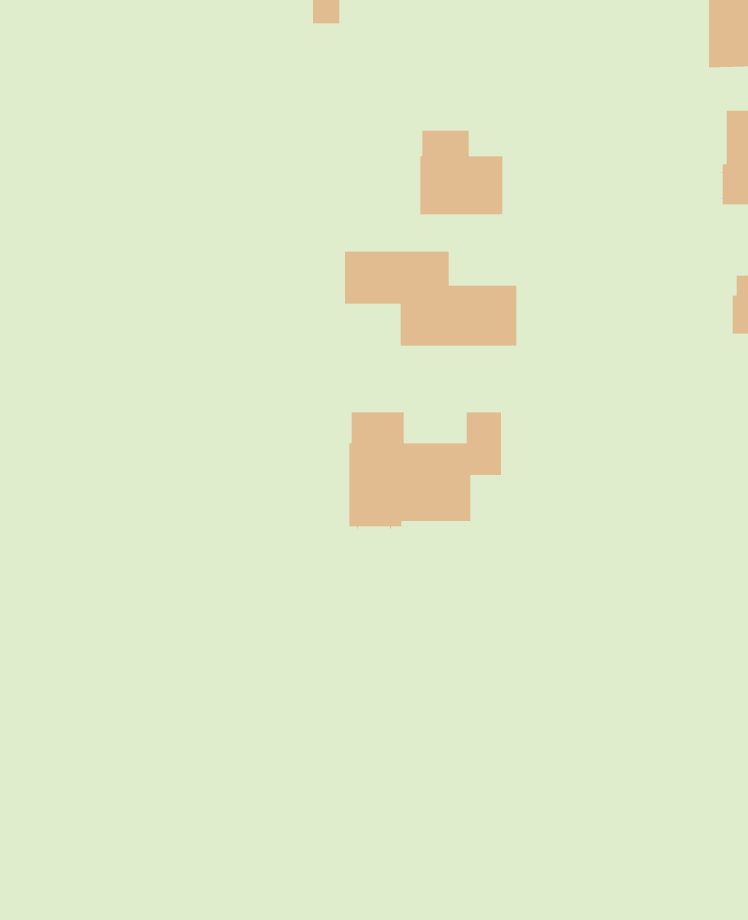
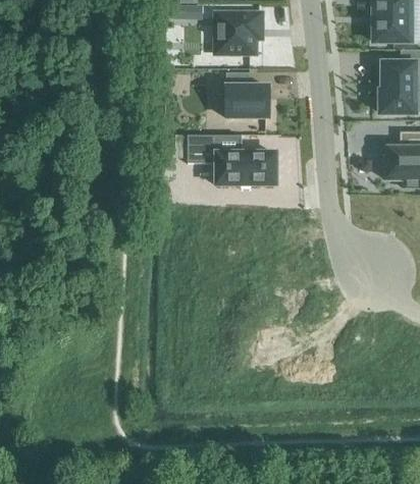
building: none -> [215,12,261,53]
building: [348,412,502,530] -> none

